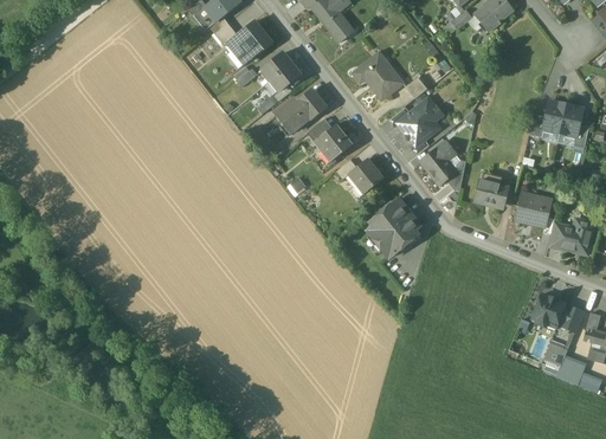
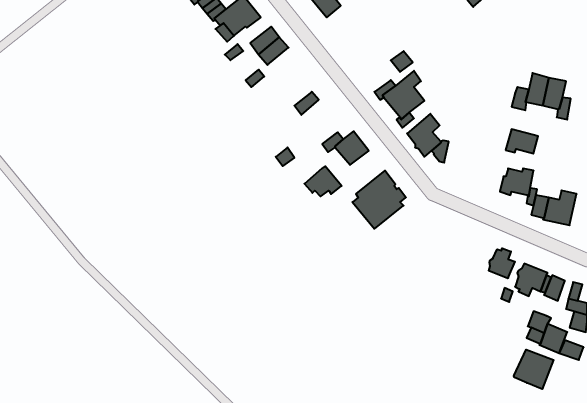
building: [353,51,404,101] -> none
building: [273,88,327,134] -> none
building: [314,124,352,155] -> [304,166,342,196]
building: [475,180,508,205] -> [506,129,538,154]
building: none -> [489,248,515,278]
building: none -> [514,350,554,389]

